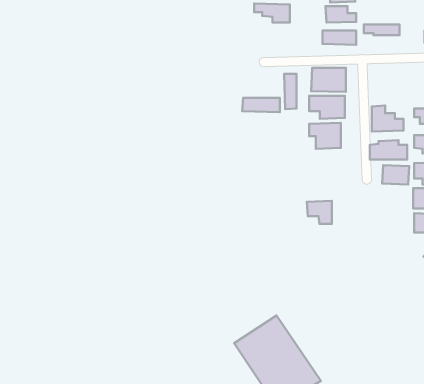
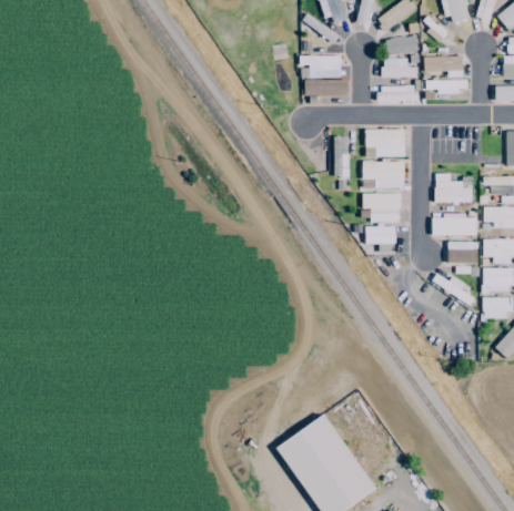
building: none -> [424,57,463,72]
building: [242,98,280,112] -> [304,80,347,96]
building: [307,201,332,224] -> [365,226,394,253]

